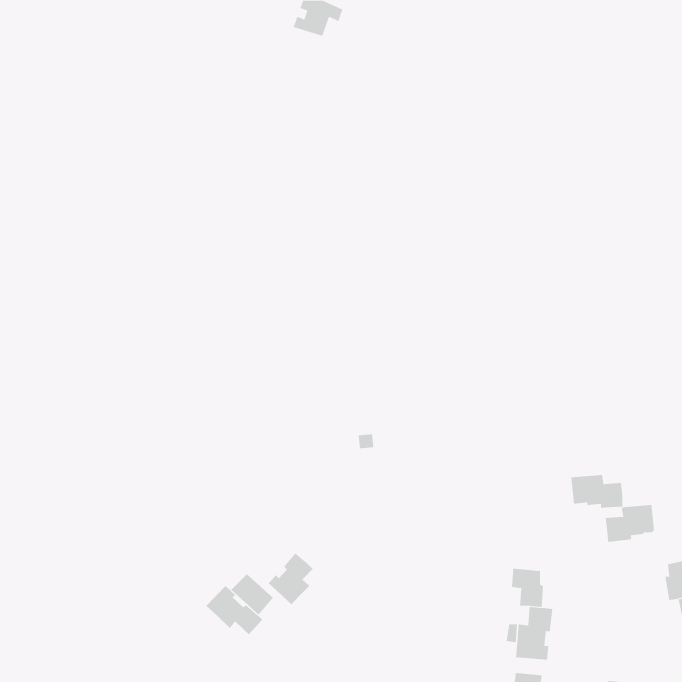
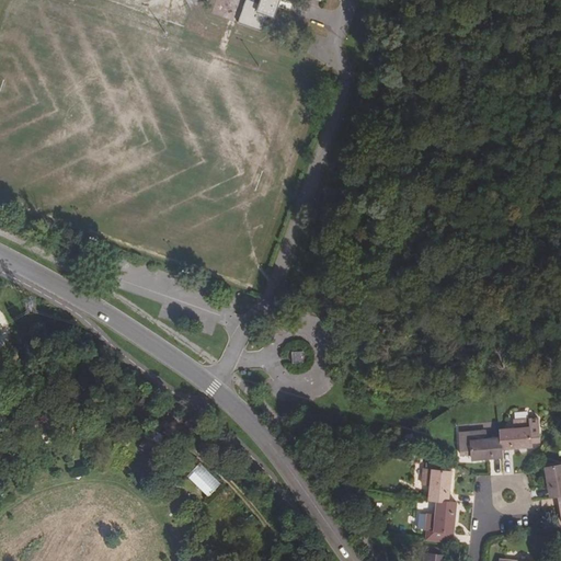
building: [570,474,623,508] -> [457,430,500,457]
building: [268,553,314,605] -> none
building: [206,585,263,635] -> none

